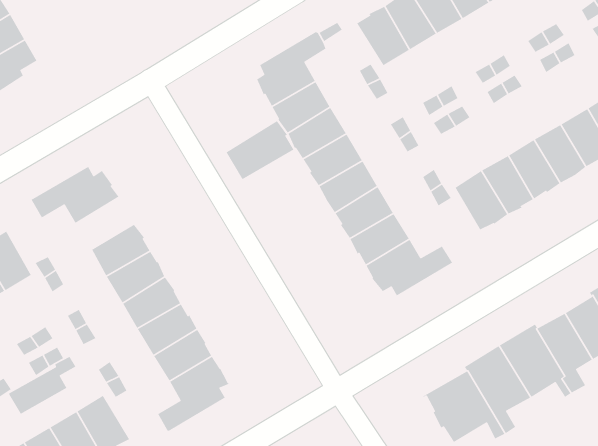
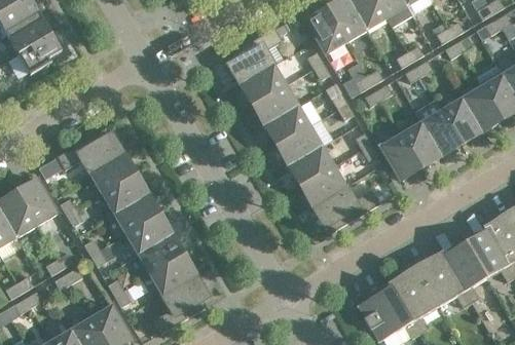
building: [225,120,294,180] -> none
building: none -> [89,153,135,193]
building: [8,356,76,415] -> none

